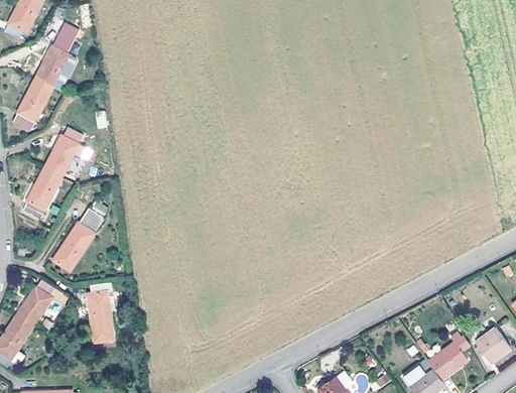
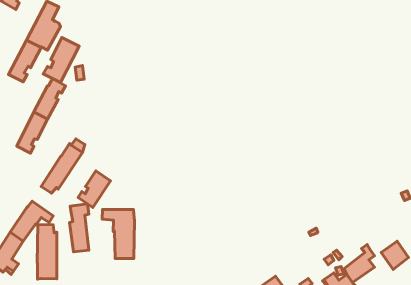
building: none -> [43,38,79,82]
building: none -> [78,171,110,207]
building: none -> [102,209,135,258]
building: none -> [37,224,57,279]

